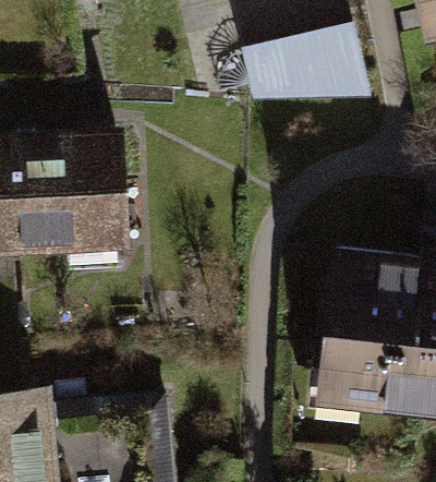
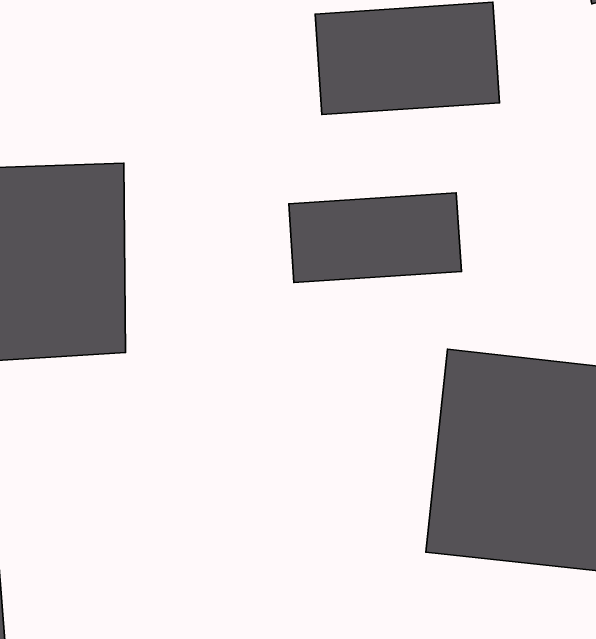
building: none -> [289,193,461,282]

